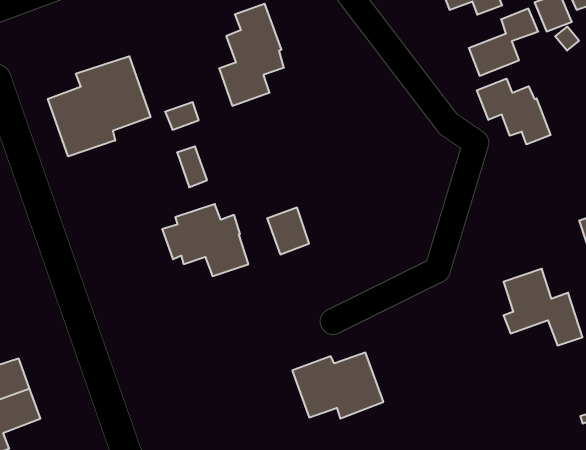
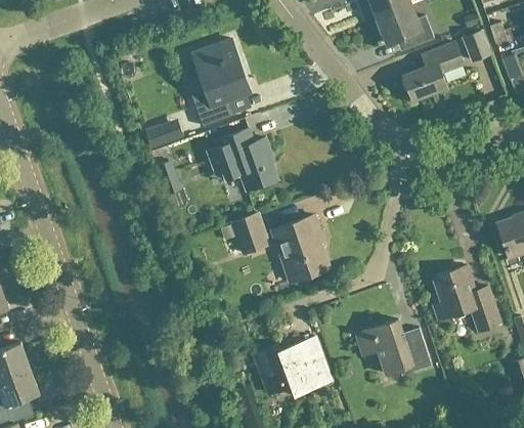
building: [48,56,150,156] -> none
building: [477,79,551,144] -> none
building: [162,204,248,276] -> [205,129,278,190]
building: none -> [272,215,330,281]
building: none -> [355,319,431,374]

